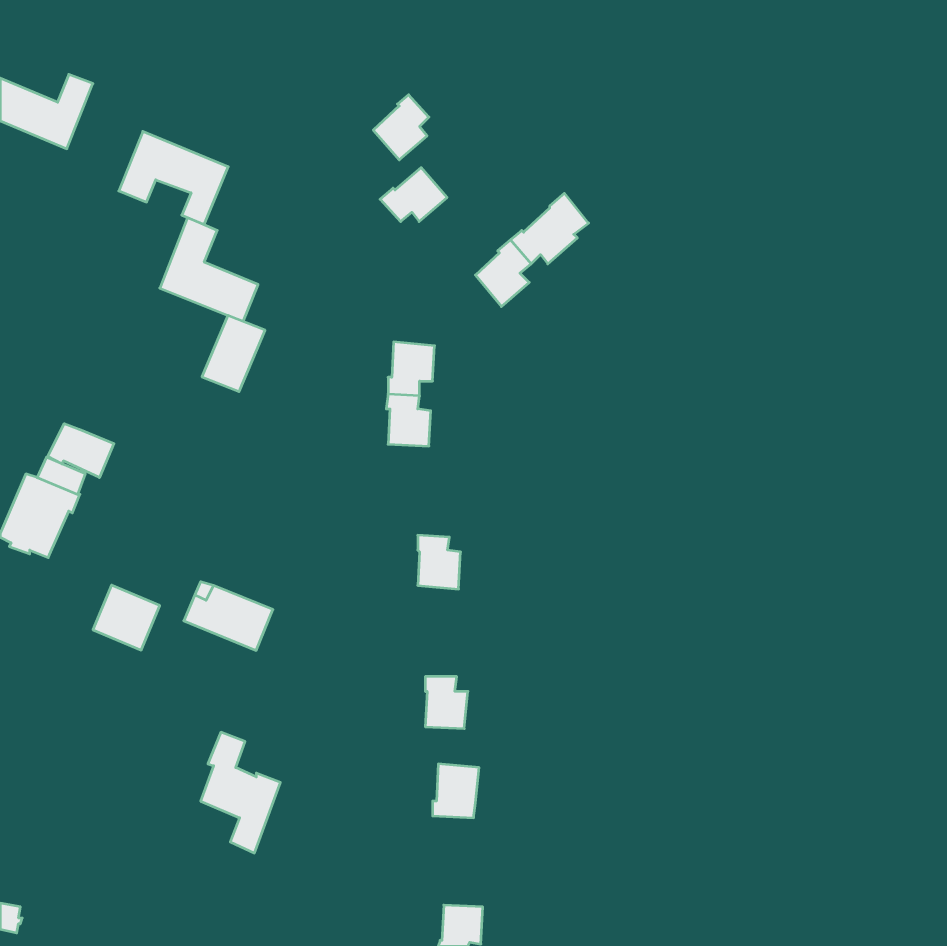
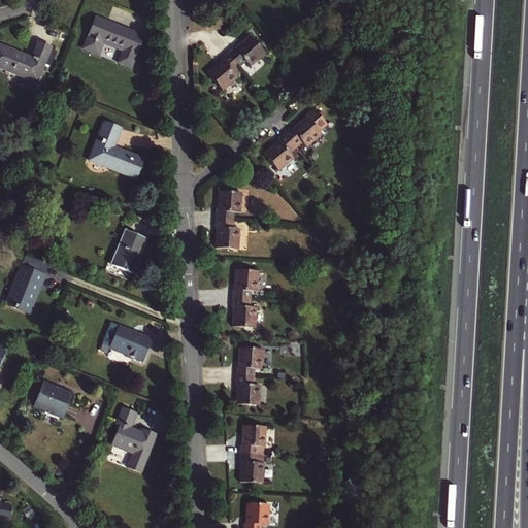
building: [119,131,228,224] -> [84,15,144,67]
building: [380,168,447,222] -> [228,35,265,65]
building: [202,315,265,392] -> [112,230,147,272]
building: [48,424,114,478] -> none
building: none -> [233,268,259,298]
building: [93,585,160,650] -> [35,381,72,417]
building: none -> [237,346,263,375]
building: none -> [240,453,264,482]

